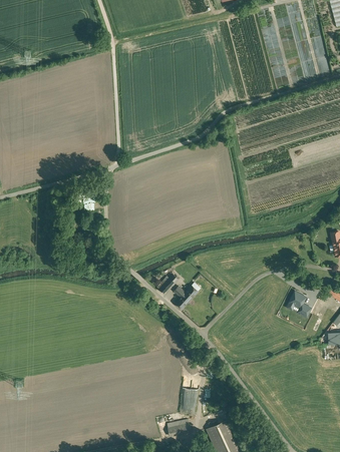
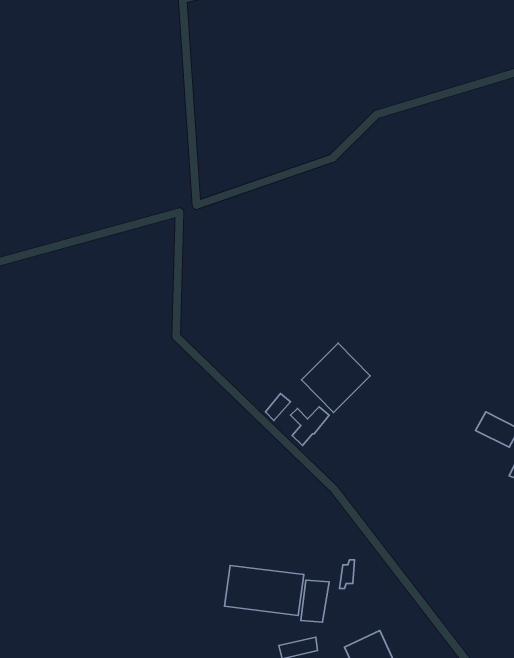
building: none -> [301,343,370,413]
building: none -> [224,565,304,615]

